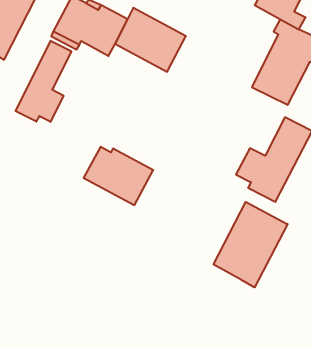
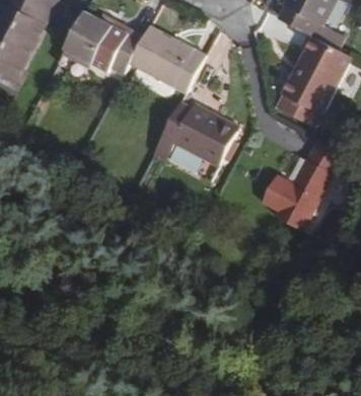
building: [16,41,71,122] -> none
building: [84,147,153,205] -> [162,101,237,164]
building: [214,202,288,287] -> none

